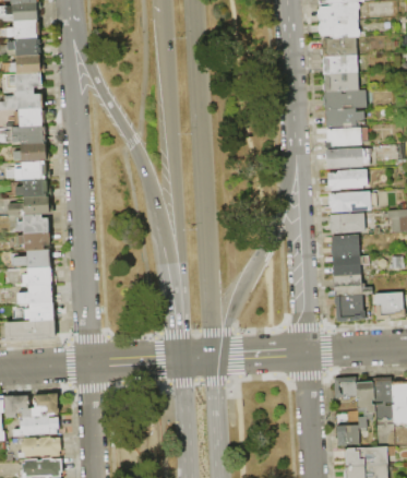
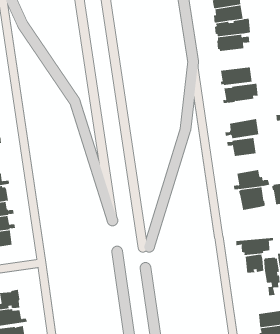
building: [323,128,361,147] -> none
building: [325,192,371,213] -> none
building: [326,254,370,276] -> none
building: none -> [236,237,274,256]
building: [336,422,360,445] -> none

